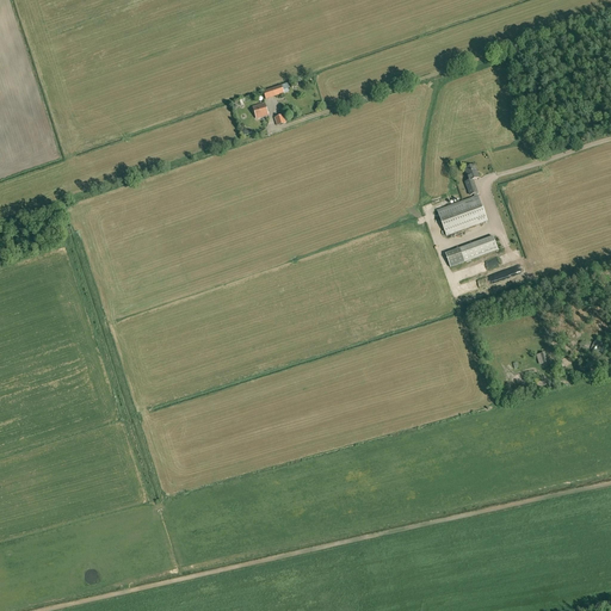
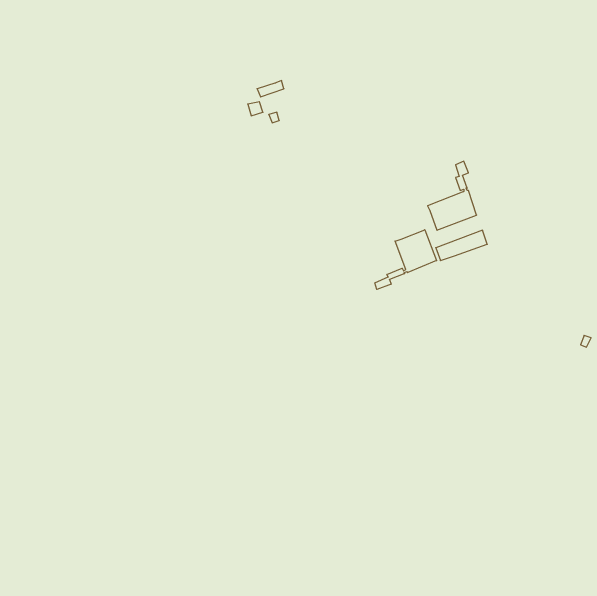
building: none -> [375,230,437,289]

